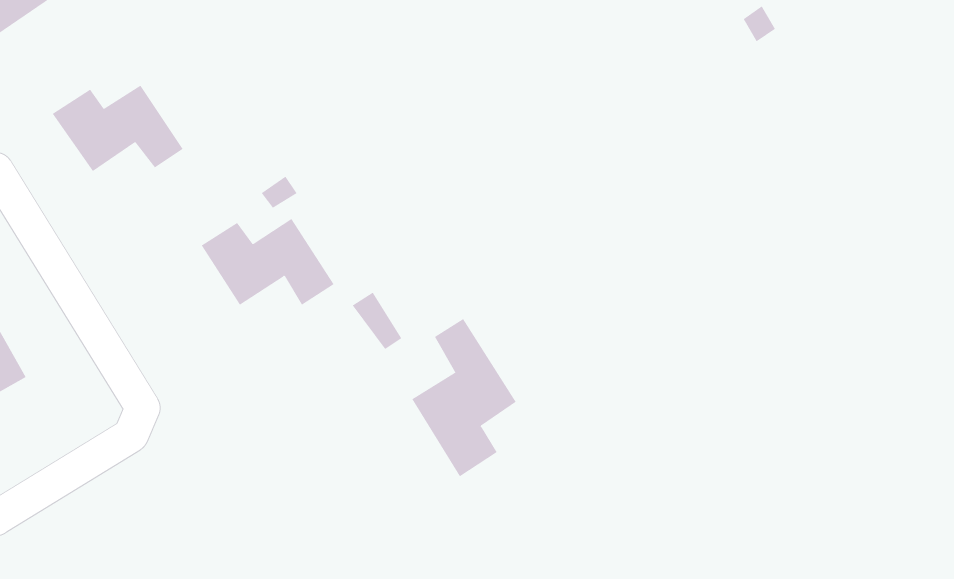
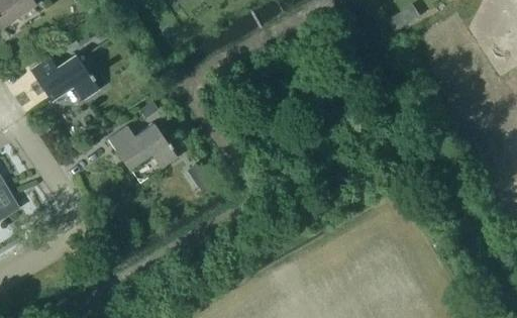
building: [412,318,517,477] -> none

